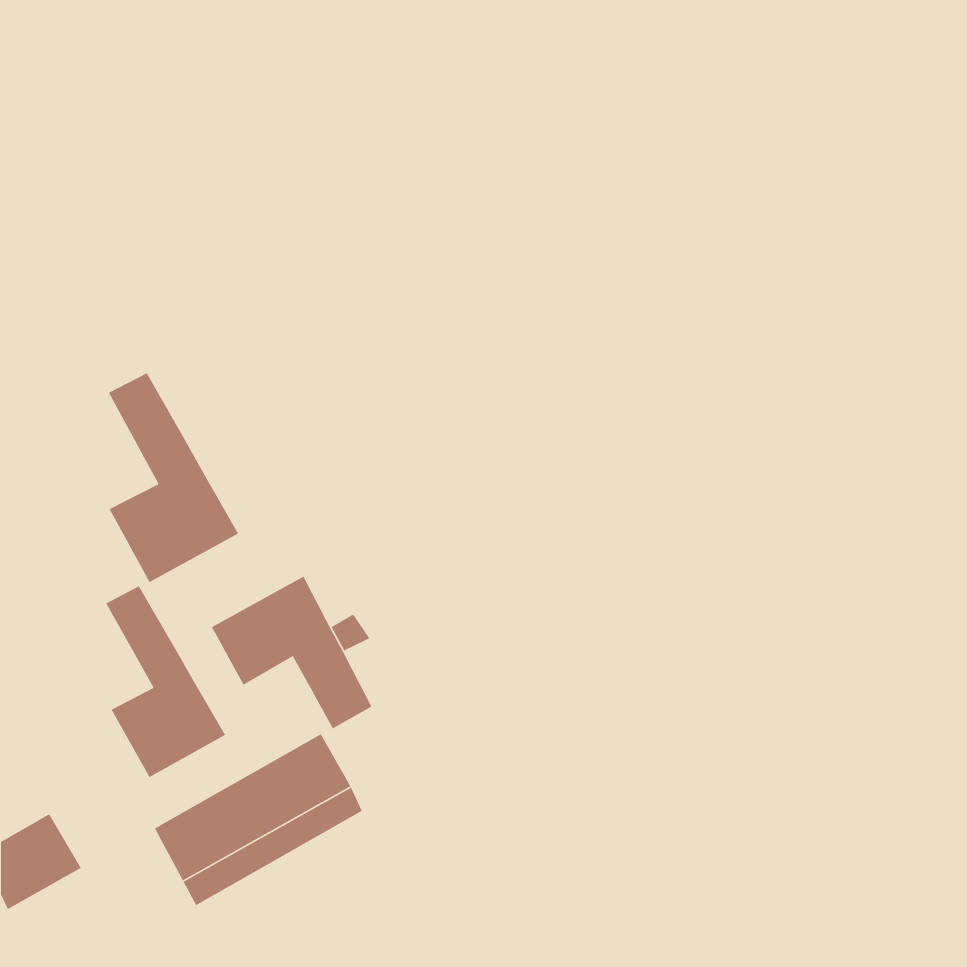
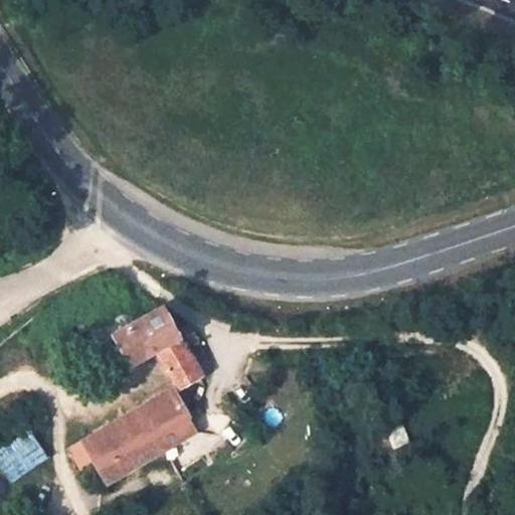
building: [108,372,239,583] -> none
building: [105,585,226,778] -> none

